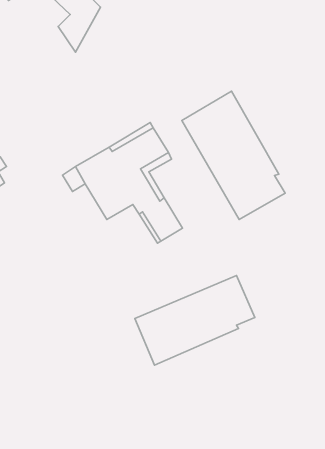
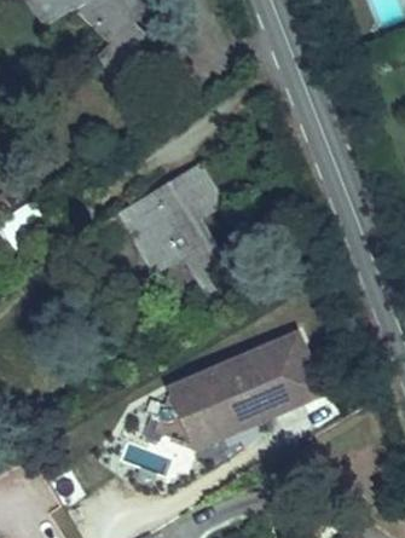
building: [182,91,285,219] -> none
building: none -> [169,381,322,446]

